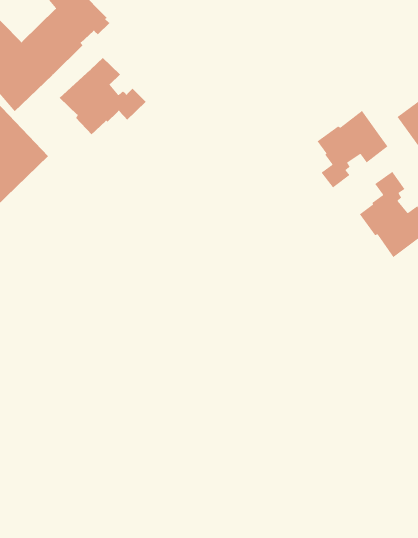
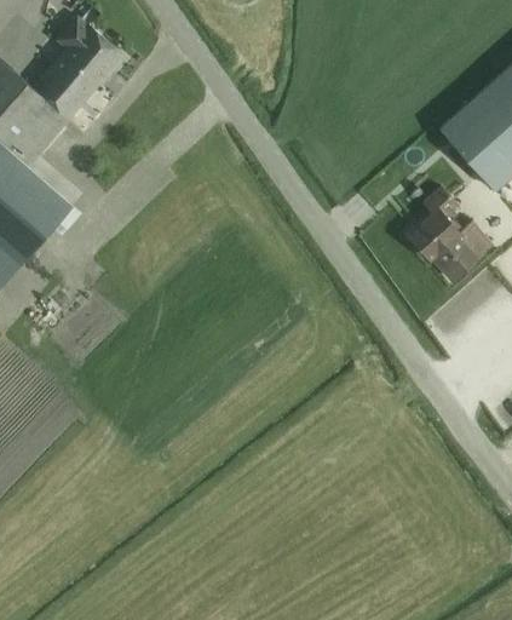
building: [59,57,147,135] -> none
building: [317,110,389,188] -> none

